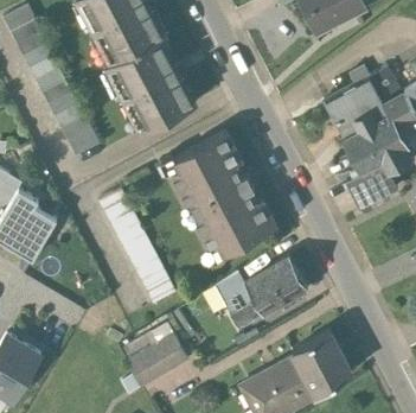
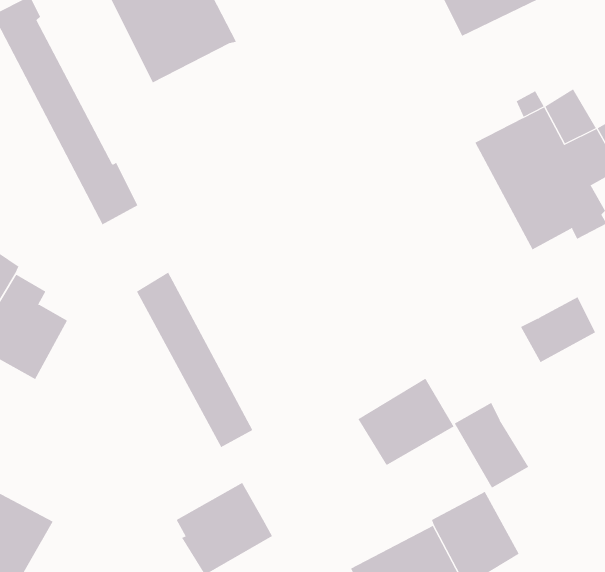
building: [108,37,196,132] -> none
building: [171,133,273,254] -> none
building: [348,159,398,203] -> [520,296,596,363]
building: [215,273,264,330] -> [454,402,529,488]

